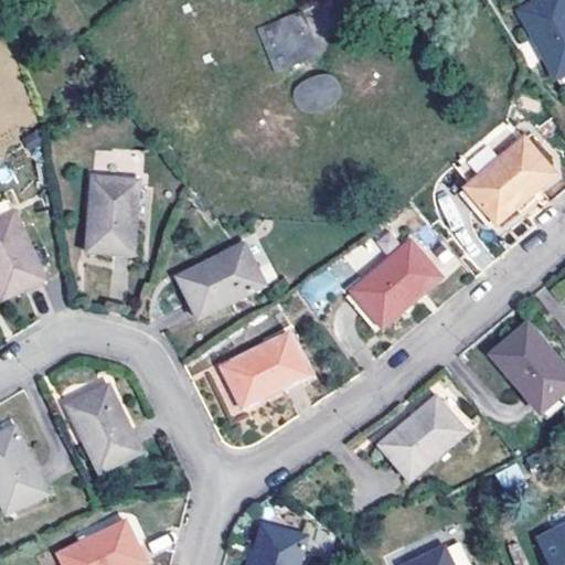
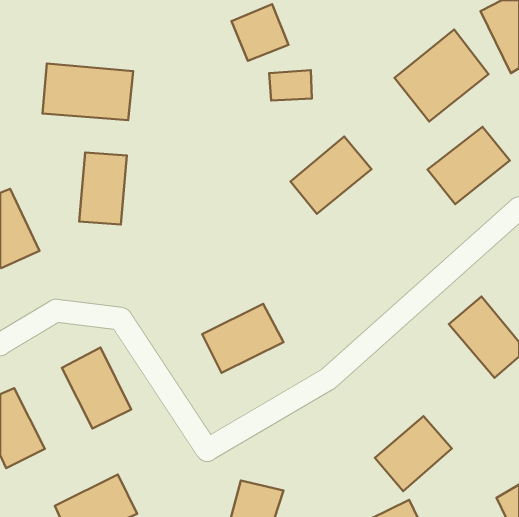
building: none -> [395,30,489,121]
building: none -> [42,63,133,120]
building: [177,242,263,318] -> none
building: [351,243,439,327] -> [290,137,372,214]
building: [382,397,466,479] -> [375,416,452,491]

